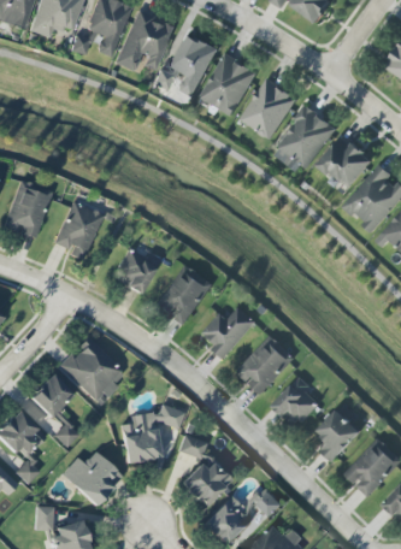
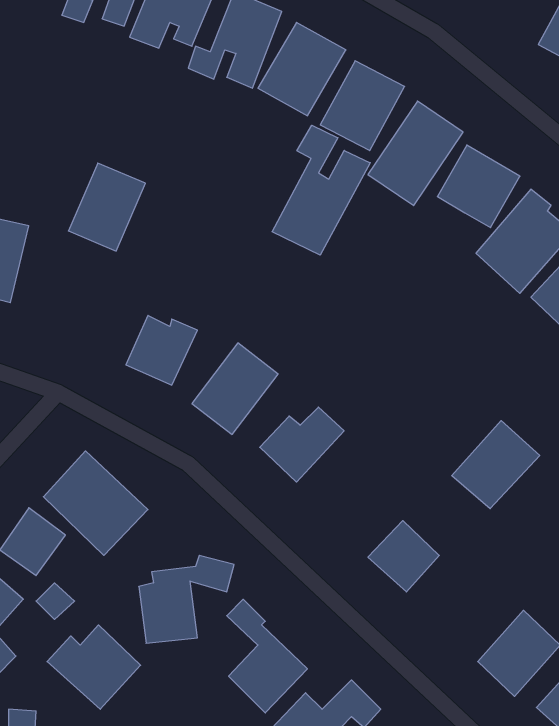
building: none -> [272,125,370,255]
building: [53,201,104,259] -> [68,163,145,251]
building: [236,336,294,394] -> [452,421,540,509]
building: [316,409,361,462] -> none

